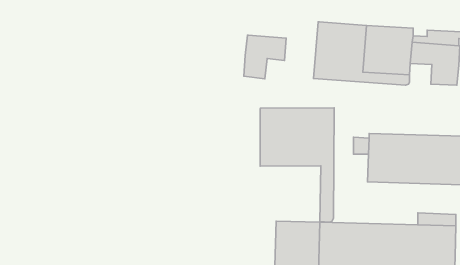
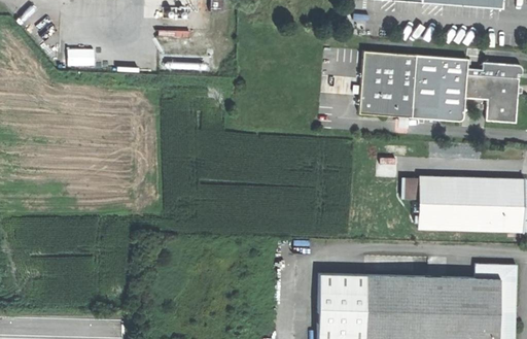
building: [244,35,286,79] -> none
building: [260,108,334,222] -> none

